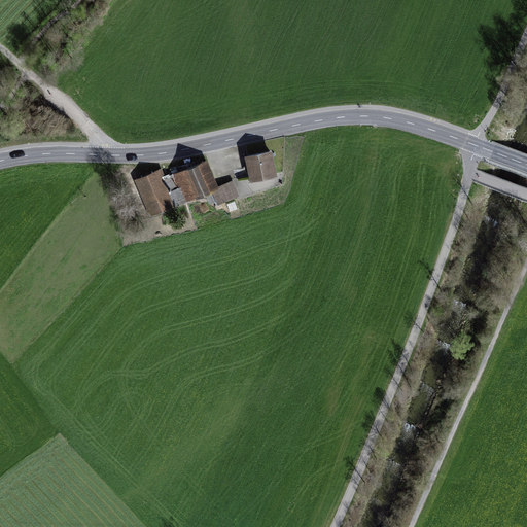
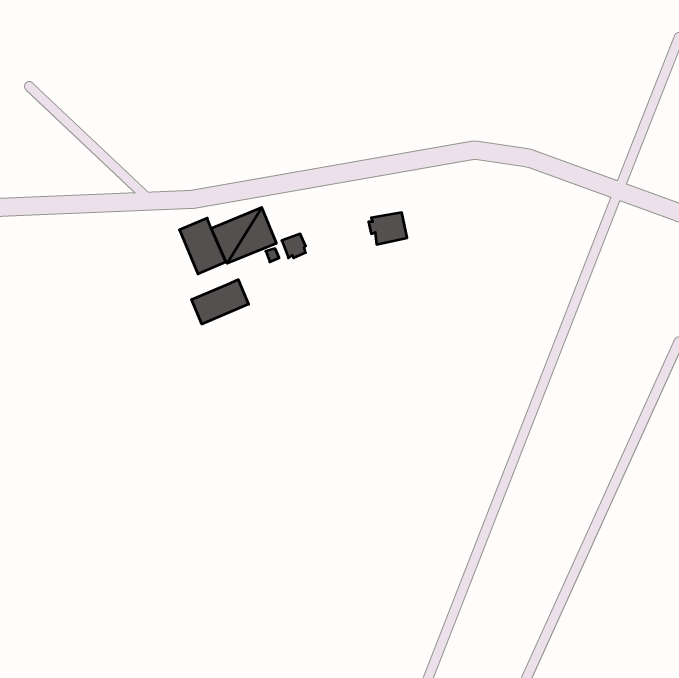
building: [245,153,275,178] -> [369,213,407,244]
building: none -> [192,280,249,324]

